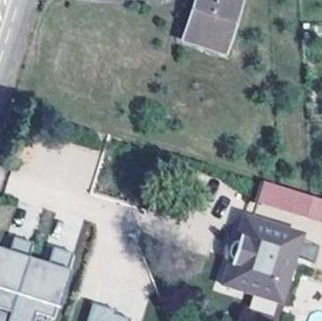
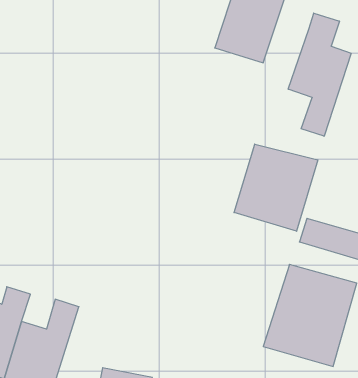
building: none -> [288,13,351,136]
building: none -> [234,144,318,231]

